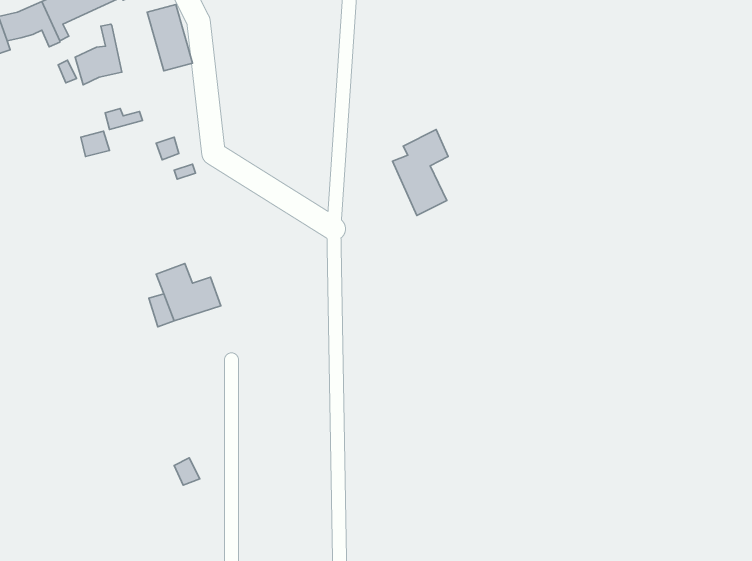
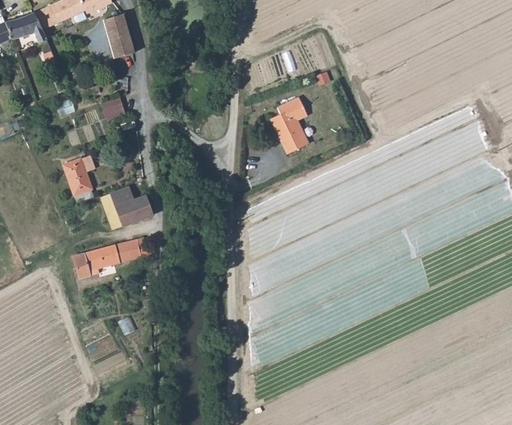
building: [75,24,122,85] -> none
building: none -> [63,157,93,202]
building: none -> [73,237,152,278]

